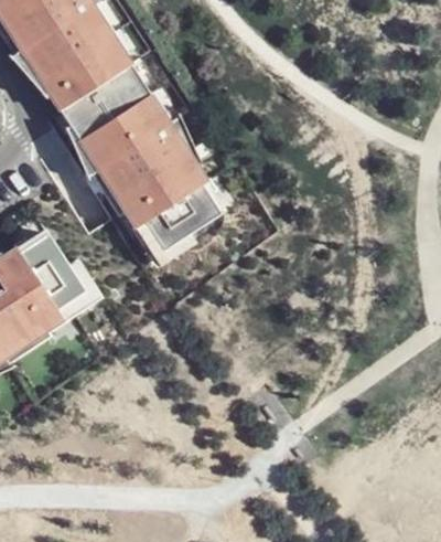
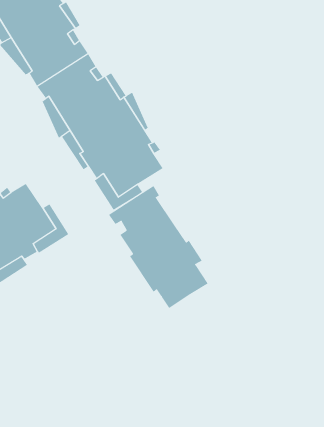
building: none -> [108,185,208,309]

